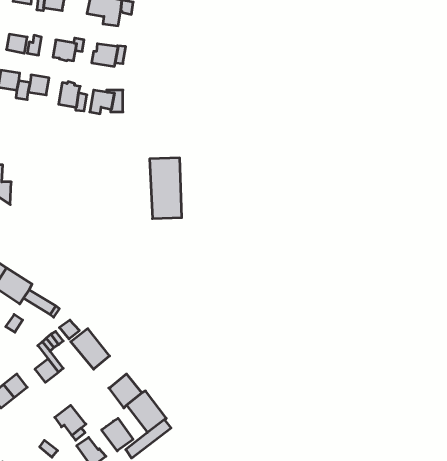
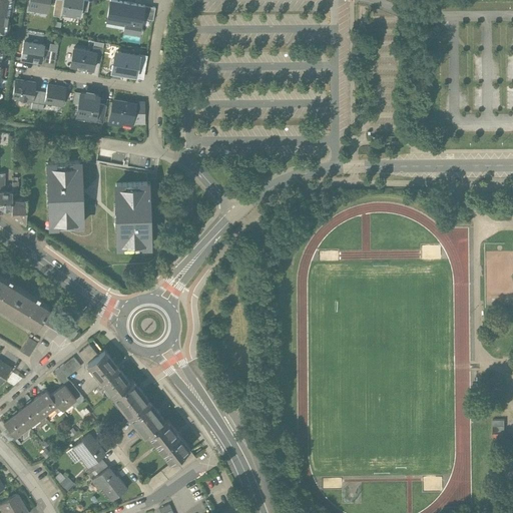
building: none -> [48,161,81,225]
building: [150,158,182,219] -> [115,182,149,246]
building: none -> [113,382,148,416]
building: none -> [32,391,63,416]
building: [102,418,133,451] -> none

